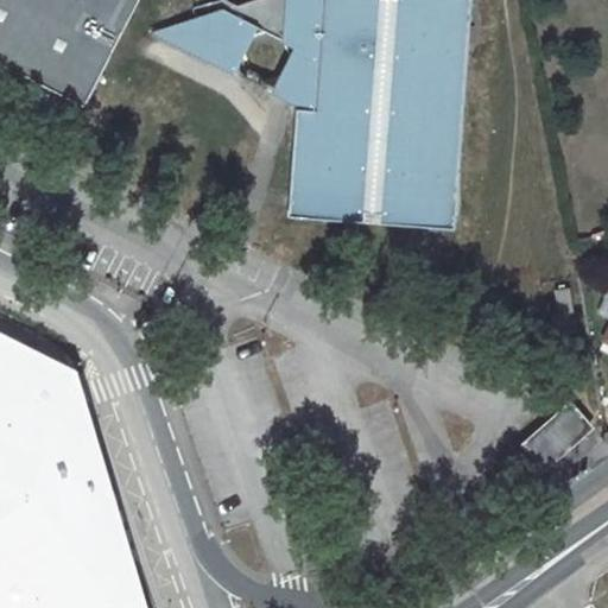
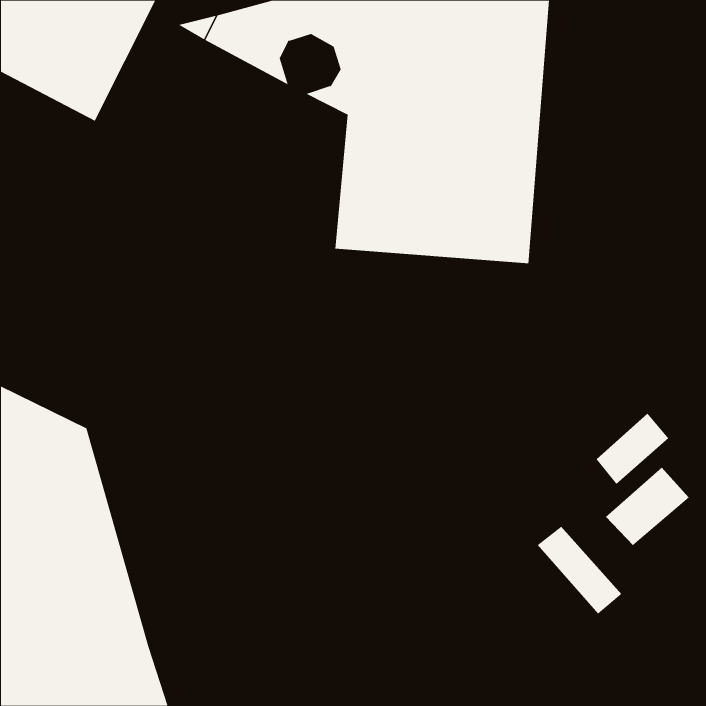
building: none -> [596,413,669,485]
building: none -> [537,526,622,614]

